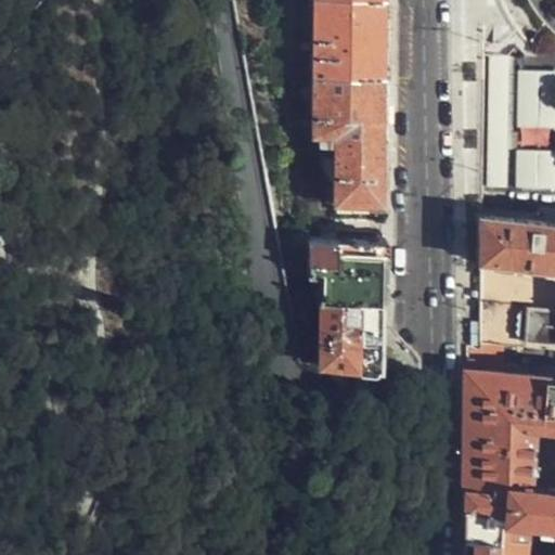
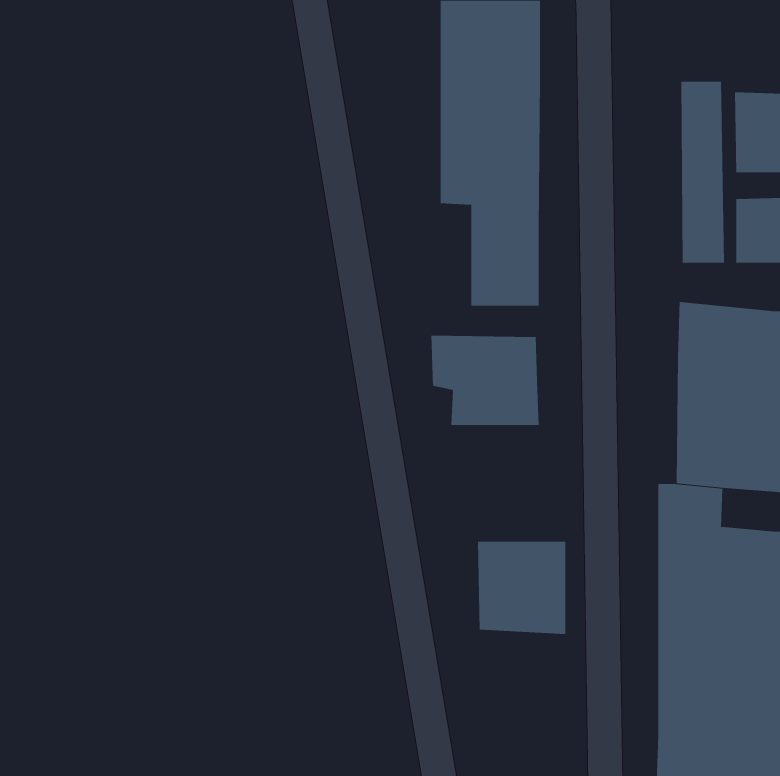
building: [321,306,384,372] -> [477,541,566,634]

